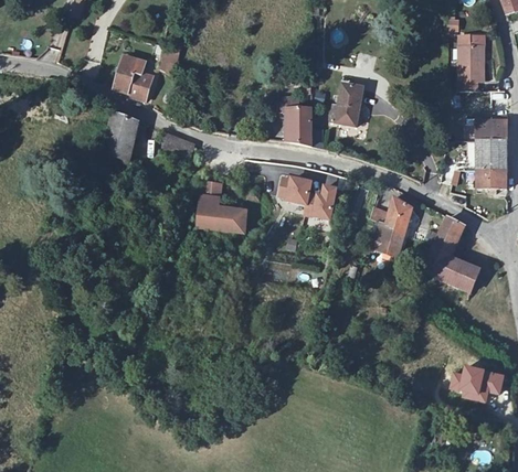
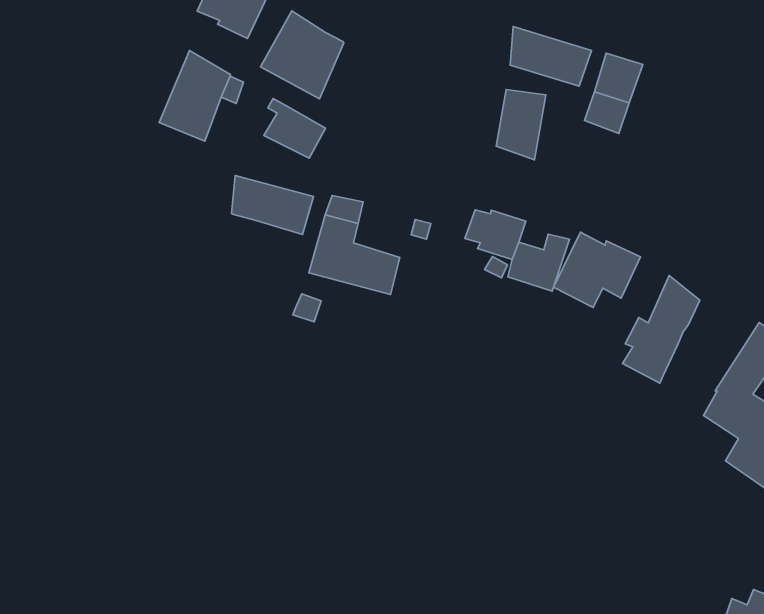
building: none -> [510,27,592,86]
building: none -> [261,11,344,99]
building: none -> [232,176,313,234]
building: none -> [554,232,640,307]

